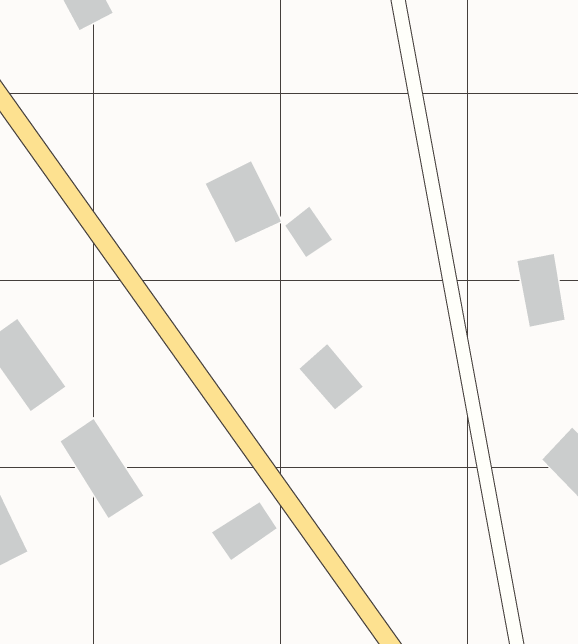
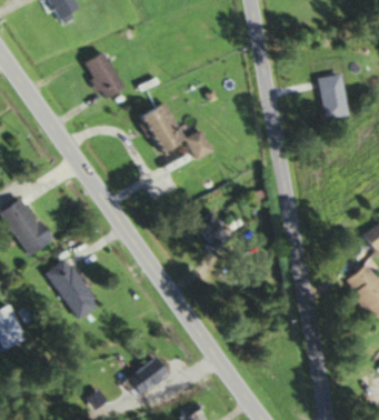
building: none -> [83,51,124,99]
building: [517,253,565,328] -> [319,74,349,120]
building: [211,501,278,561] -> [132,354,173,391]

